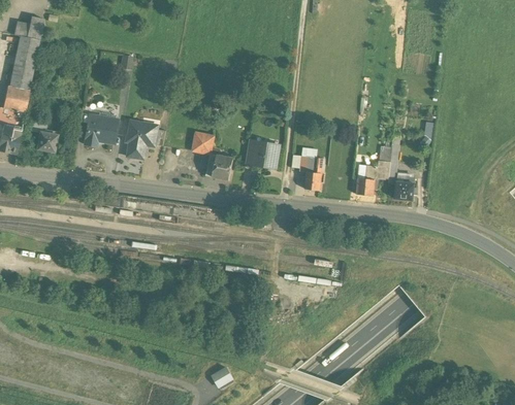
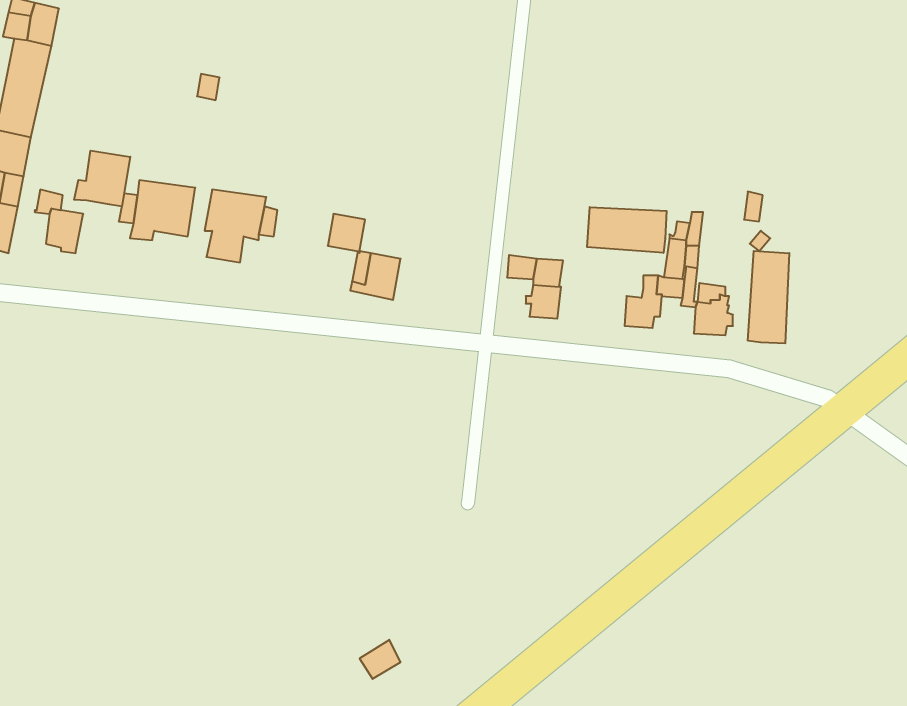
building: none -> [74,151,130,207]
building: none -> [587,207,667,253]
building: [246,139,280,169] -> none
building: none -> [748,251,789,343]

